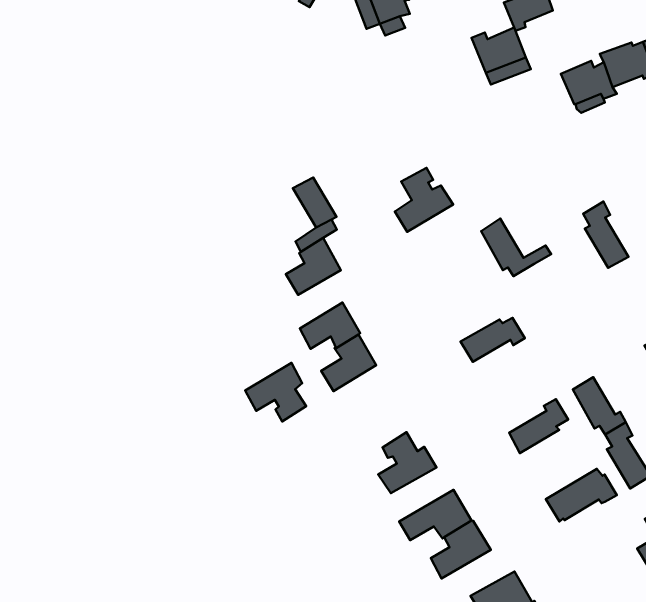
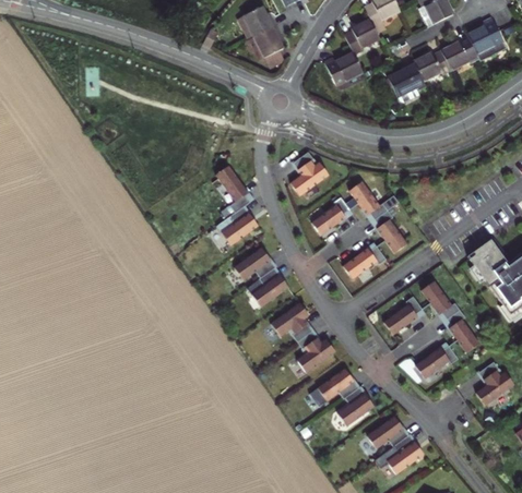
building: [583,201,629,268] -> [372,207,406,252]
building: none -> [308,195,347,236]
building: [245,363,306,421] -> [268,302,310,342]

